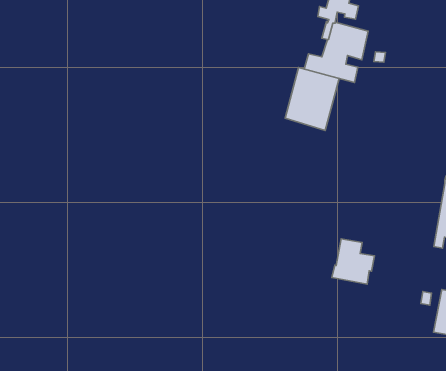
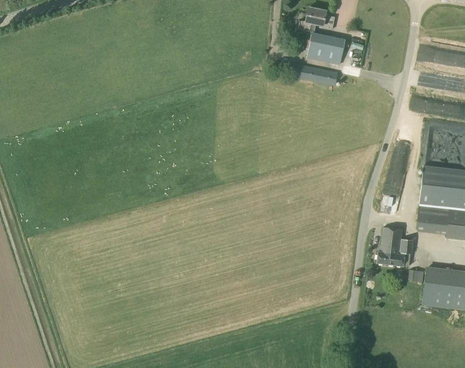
building: [285,68,339,130] -> none
building: [332,239,375,284] -> [378,227,415,266]

